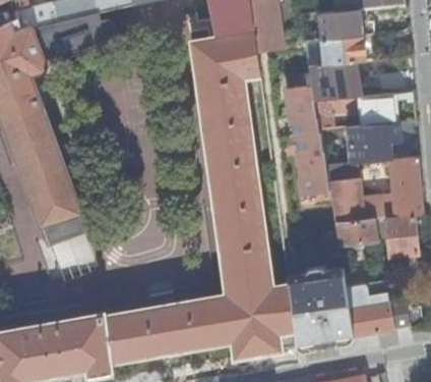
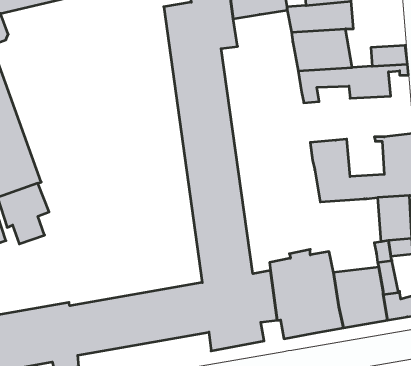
building: [285,73,328,196] -> none
building: [345,123,401,164] -> none
building: [333,218,377,244] -> none

